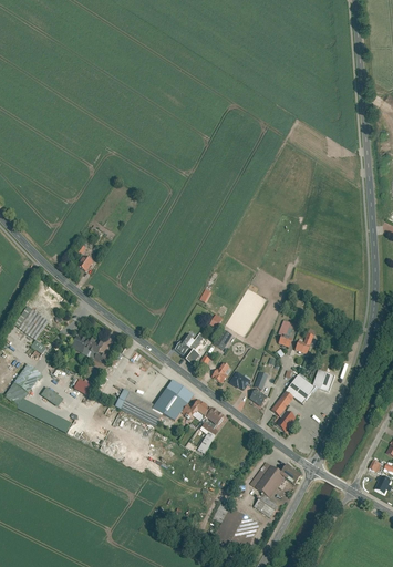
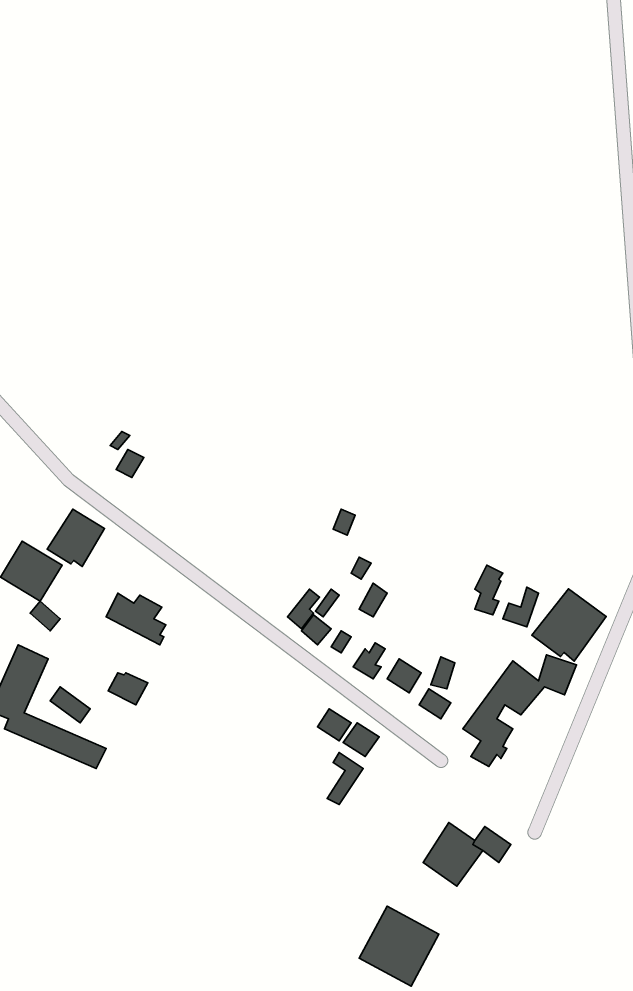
building: none -> [47,509,105,566]
building: none -> [532,589,606,661]
building: [115,379,194,425] -> none

